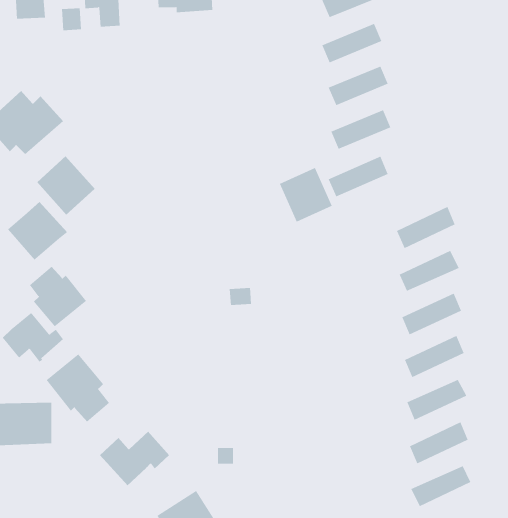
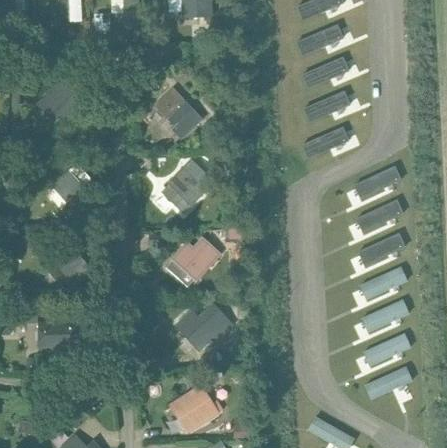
building: none -> [154,88,201,139]
building: [36,155,95,215] -> none
building: [279,167,333,223] -> none
building: none -> [160,158,212,214]
building: [29,266,87,327] -> none
building: none -> [166,243,214,280]
building: [46,354,110,423] -> none
building: [99,431,170,486] -> [176,306,231,349]

